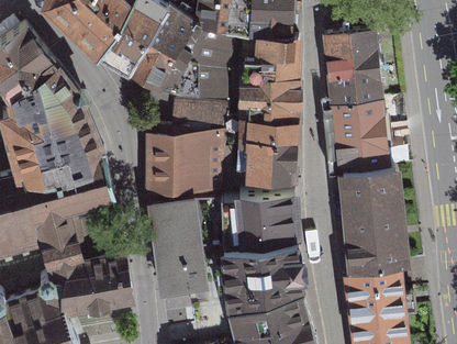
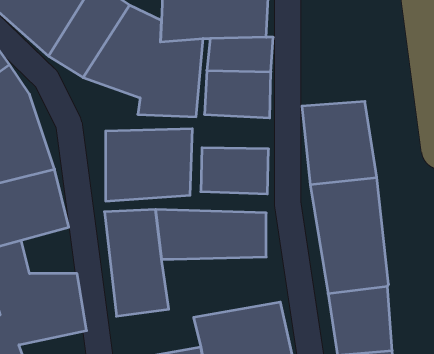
building: [321,33,386,104] -> none
building: [235,112,298,144] -> none
building: [209,244,308,300] -> none

